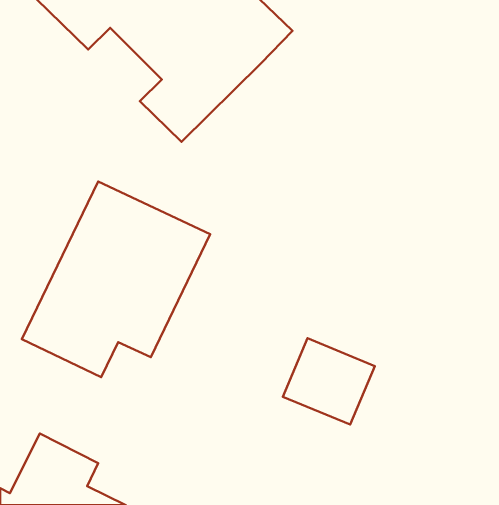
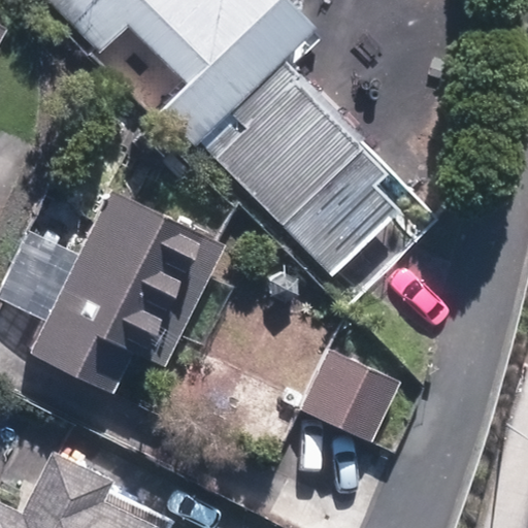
building: none -> [212,66,399,275]

